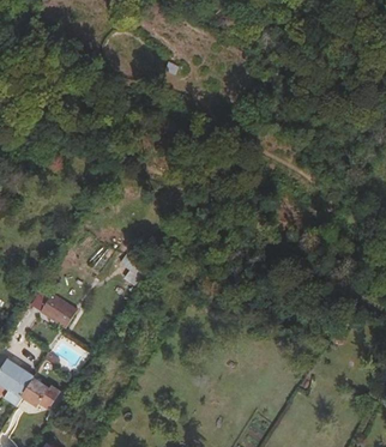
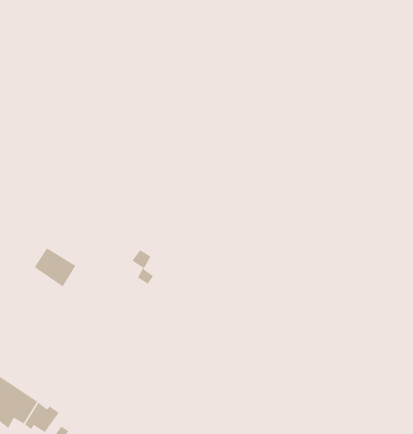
building: [41,291,77,325] -> [34,248,76,287]

